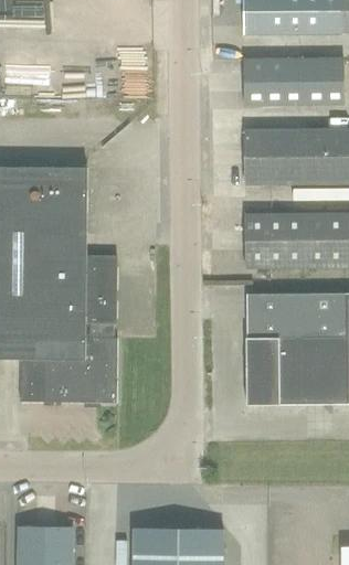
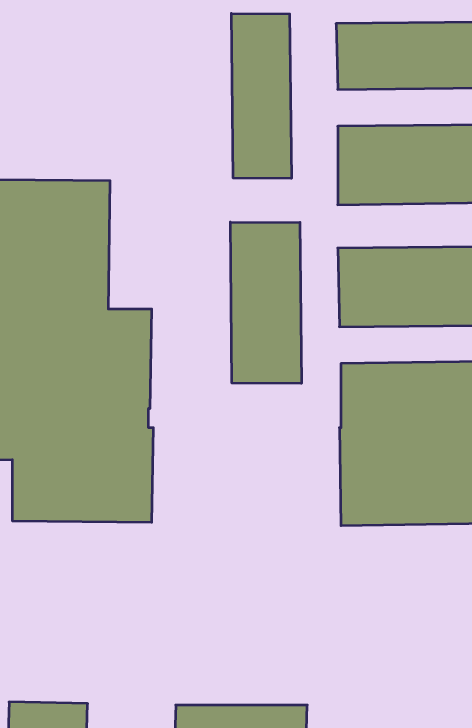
building: none -> [231,13,291,178]
building: none -> [230,222,301,383]

